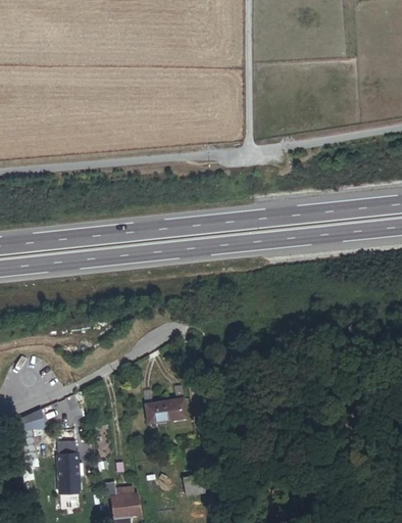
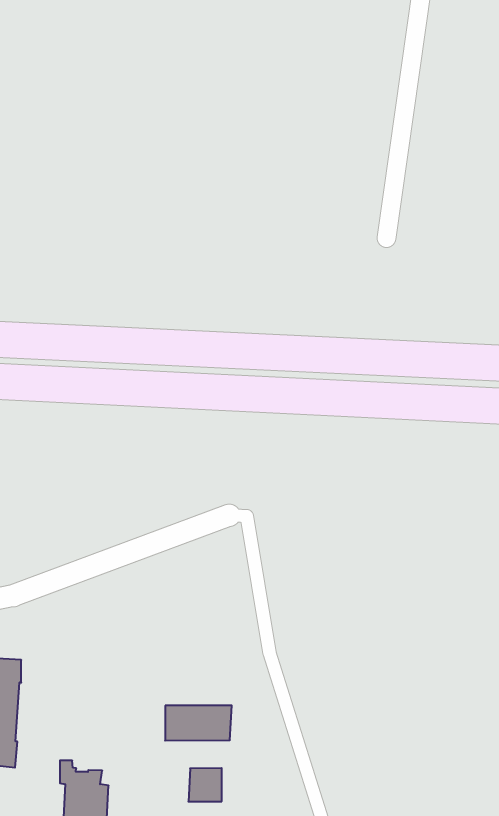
building: [145,397,186,424] -> [165,705,232,741]

